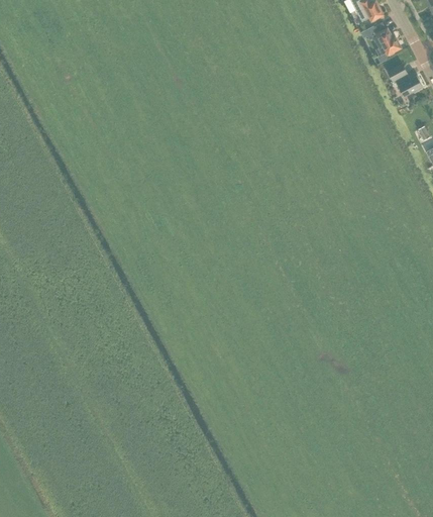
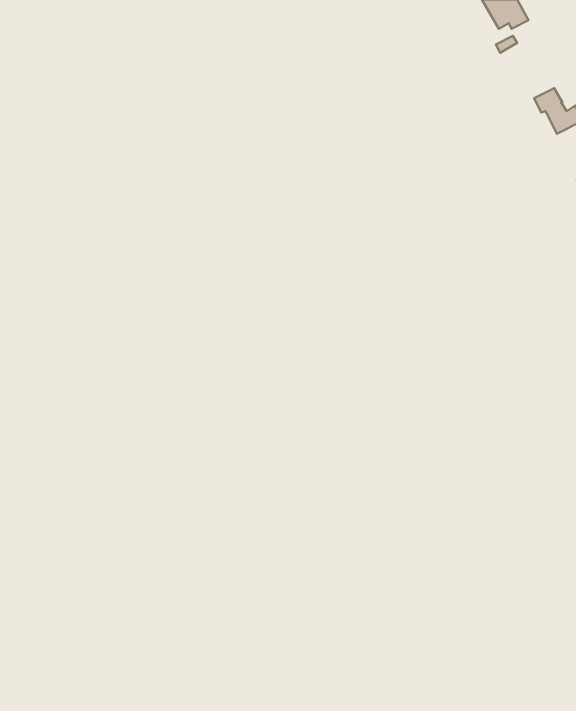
building: [372,28,401,55] -> none

